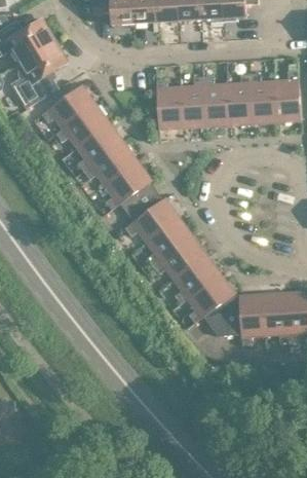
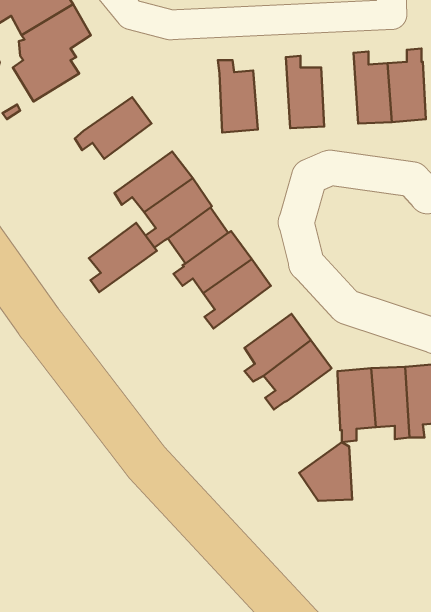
building: [227,74,253,125] -> none
building: [180,77,205,127] -> none
building: [41,84,95,128] -> none
building: [76,123,123,172] -> [89,223,157,292]
building: [152,236,206,280] -> none
building: [203,295,240,336] -> [299,442,352,501]

